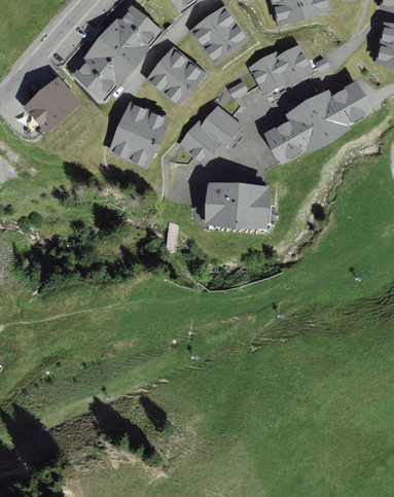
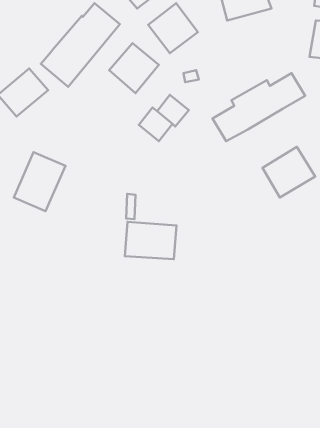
building: [253,47,313,91] -> none
building: [108,101,167,168] -> [14,152,65,211]
building: none -> [262,147,315,197]
building: [210,183,268,225] -> [125,222,177,259]

